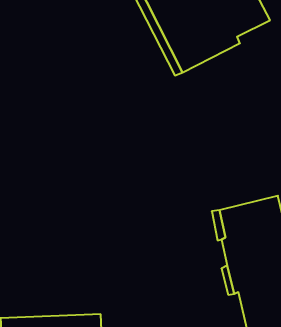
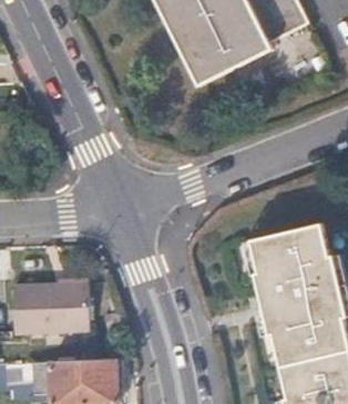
building: none -> [12,282,89,332]

